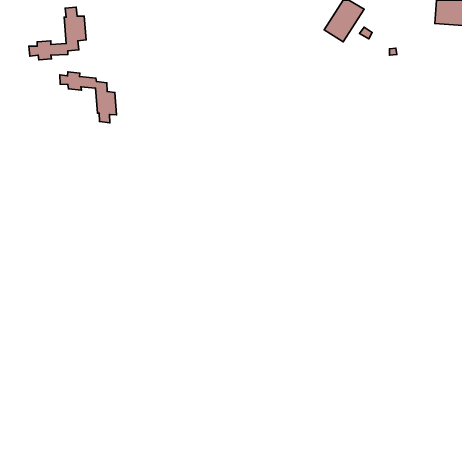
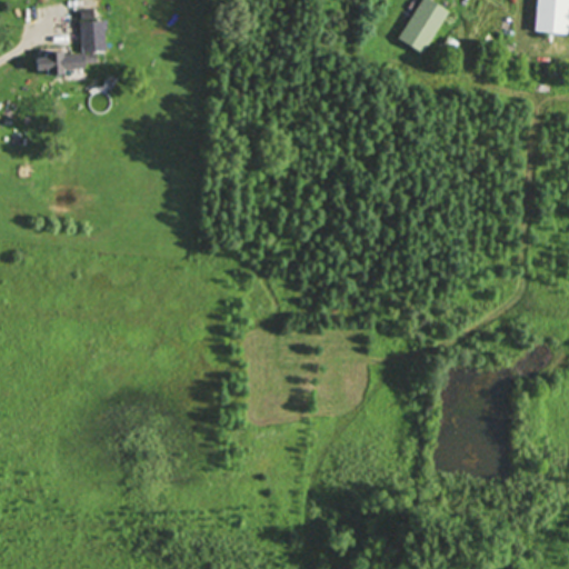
building: [60,72,116,123] -> none

